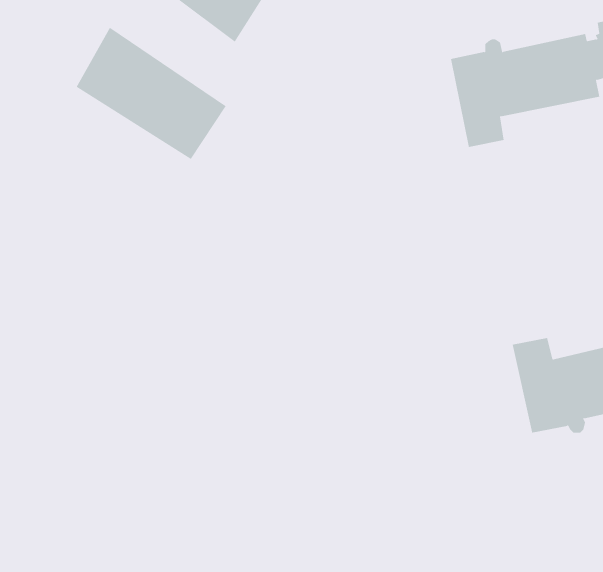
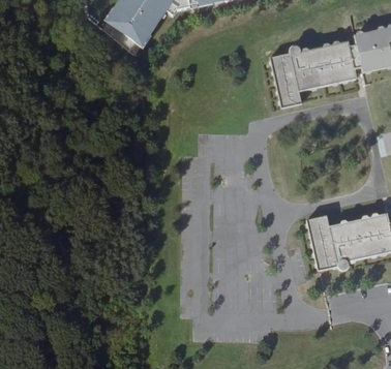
building: [76,27,226,160] -> none

